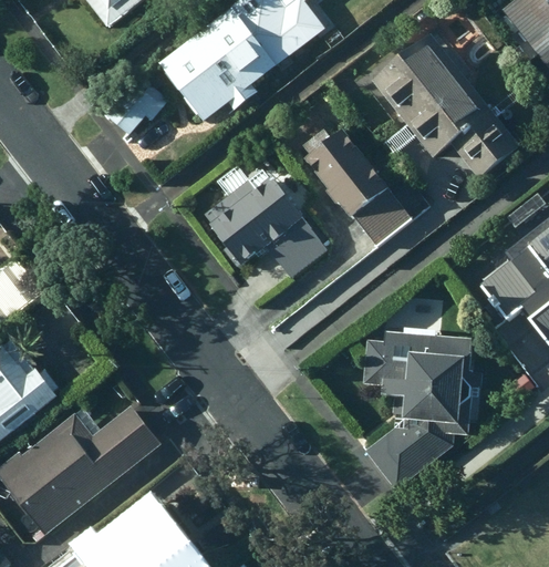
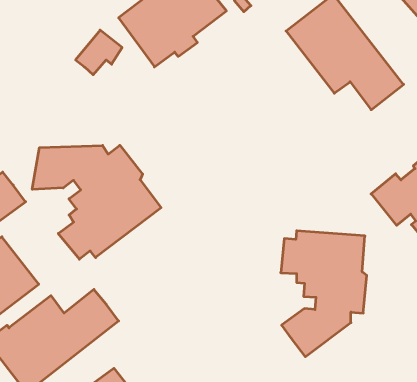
building: [307,130,411,245] -> none
building: [209,178,325,277] -> none
building: none -> [32,145,161,259]

